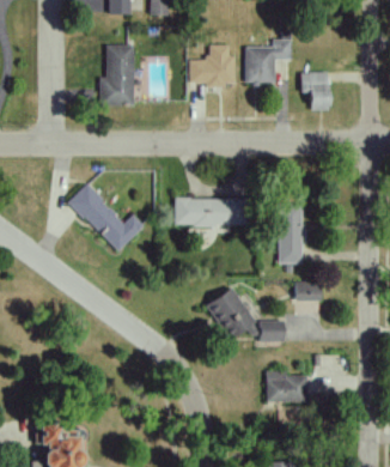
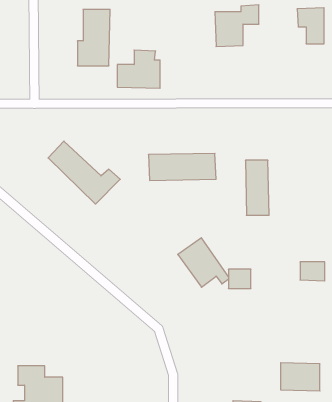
building: [189,44,234,85] -> [117,50,160,88]
building: [300,72,329,110] -> [297,8,324,44]
building: [295,281,322,302] -> [300,262,325,281]
building: [266,372,307,402] -> [281,363,320,391]

